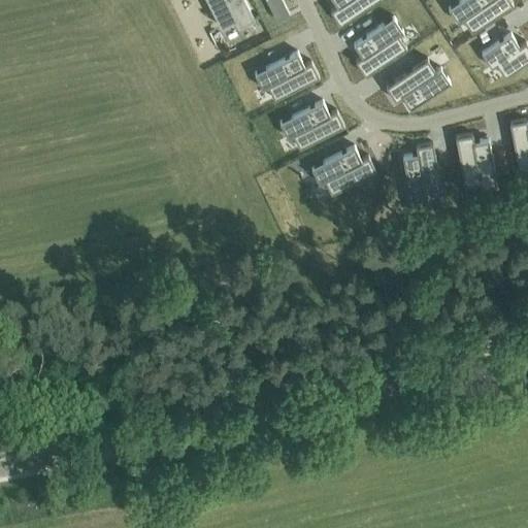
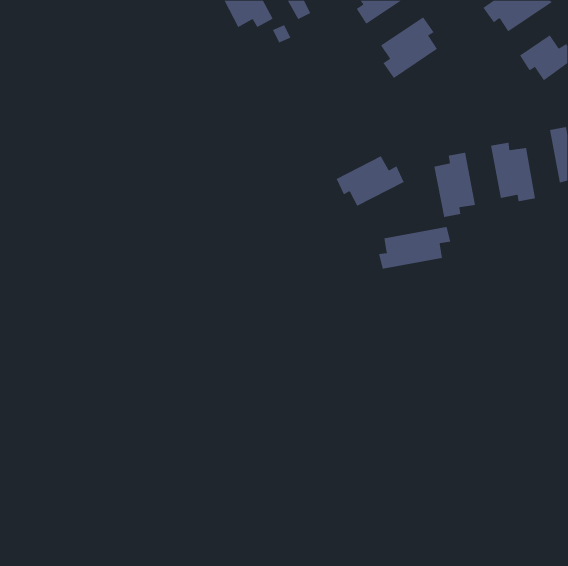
building: [254,51,319,99] -> none
building: [386,58,450,108] -> none
building: [279,100,344,147] -> none
building: none -> [379,226,451,270]

